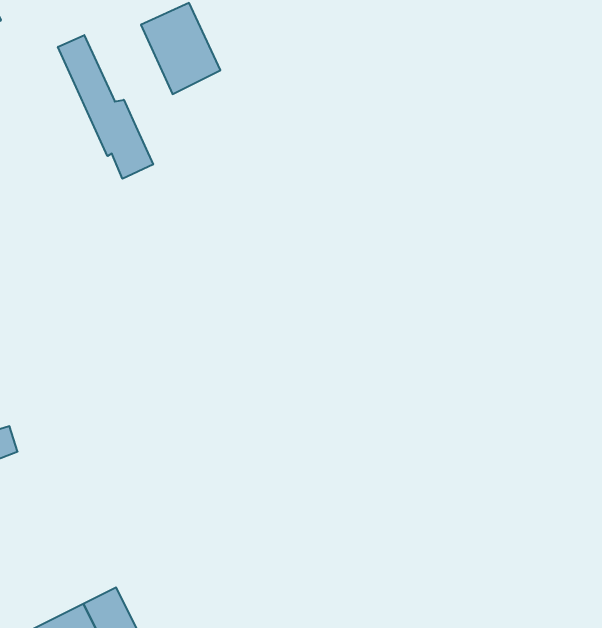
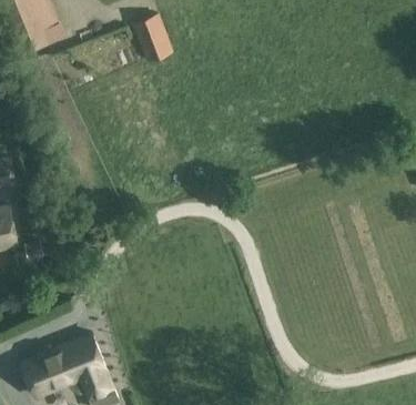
building: [58,35,153,179] -> none

